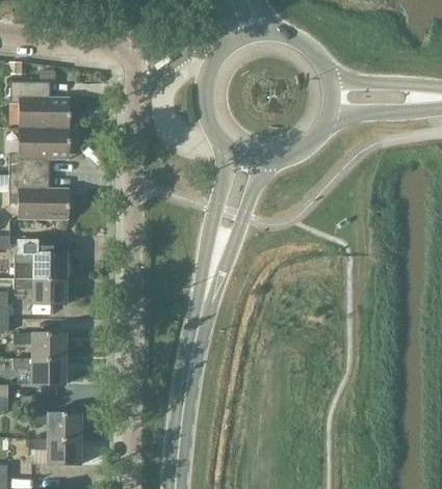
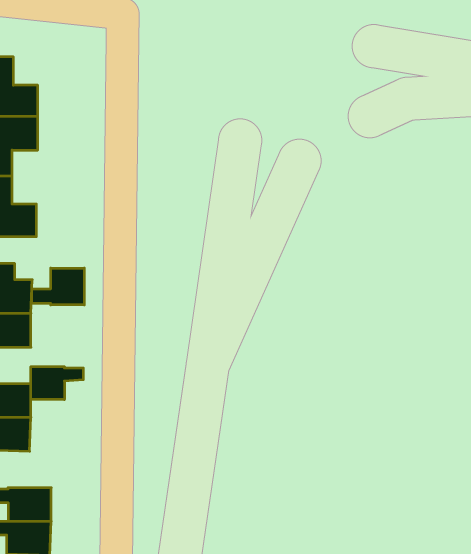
building: none -> [32,268,84,305]
building: none -> [31,367,83,400]

